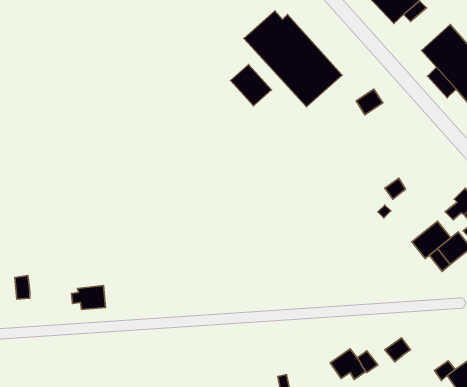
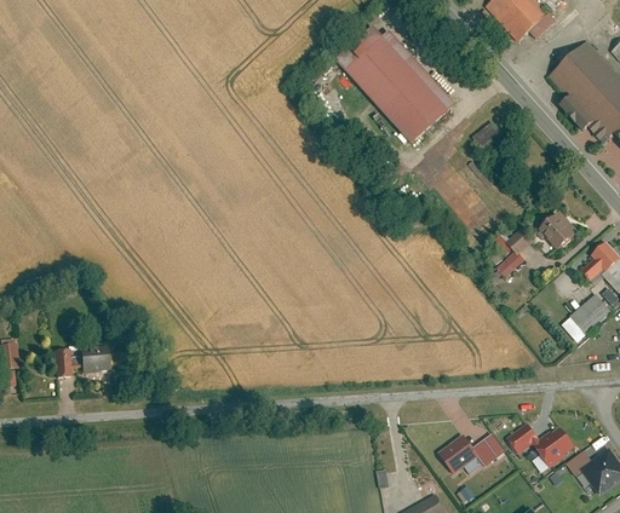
building: [231,65,271,106] -> none
building: none -> [539,211,578,249]
building: [412,221,451,259] -> none
building: [72,286,105,309] -> [71,346,113,375]
building: none -> [533,426,574,467]

